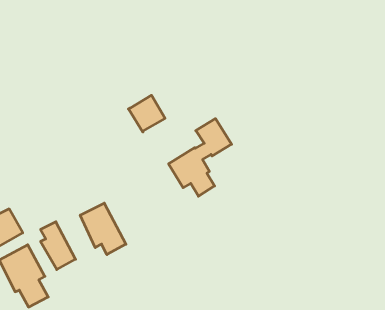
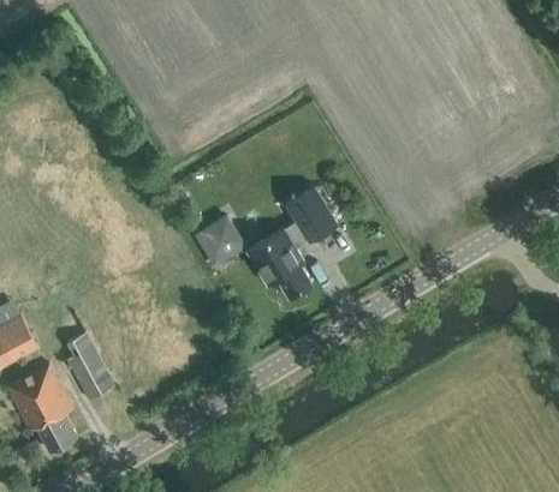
building: [128,95,165,132] -> [194,214,245,265]
building: [80,203,126,255] -> none

